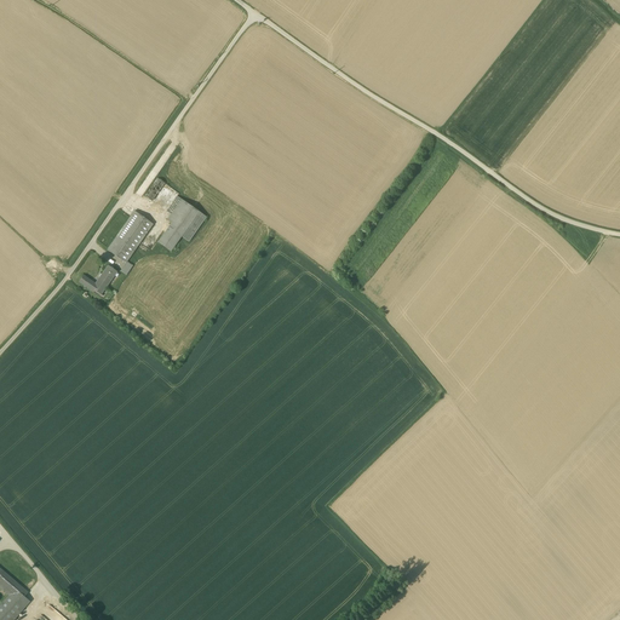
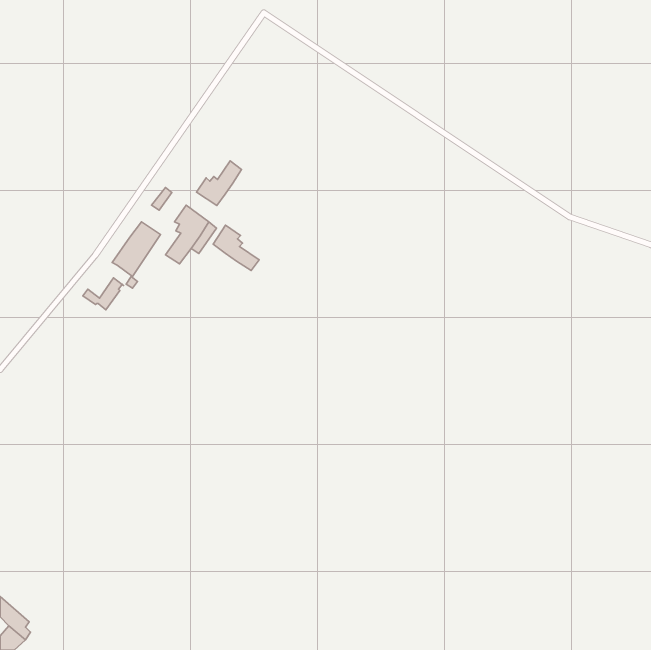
building: none -> [197,161,242,206]
building: none -> [213,225,259,270]

